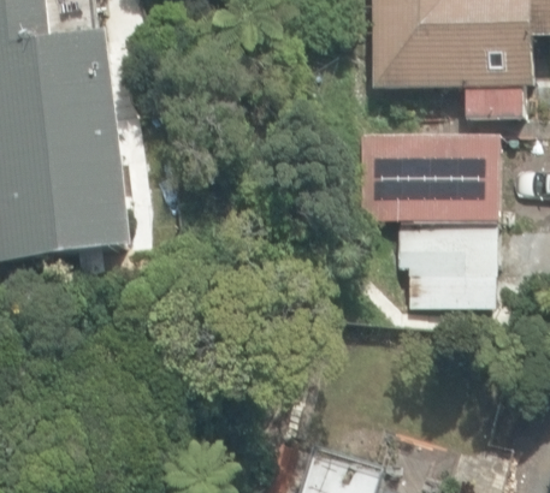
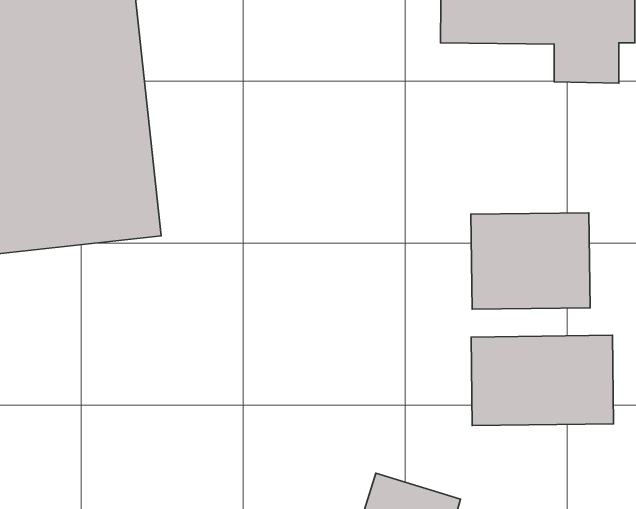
building: [356,133,496,226] -> none
building: none -> [471,335,613,426]

